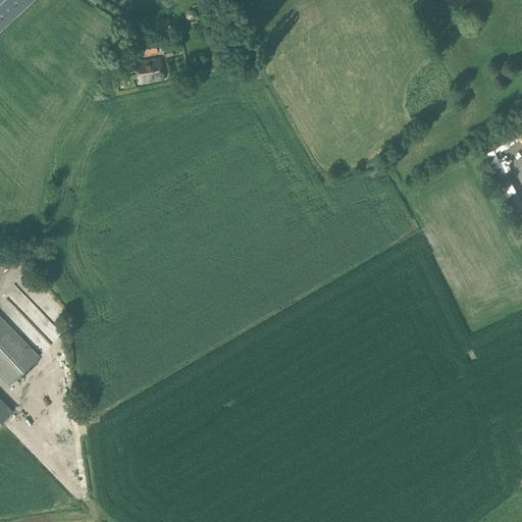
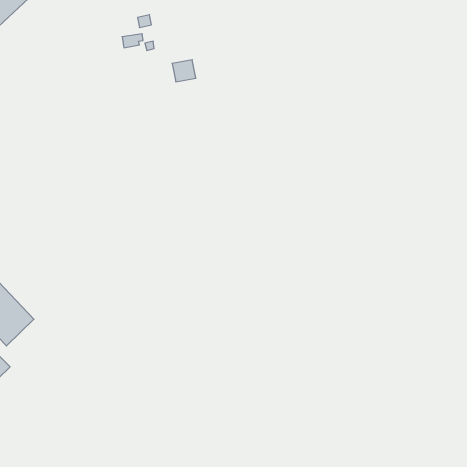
building: [135,57,161,82] -> [172,60,196,82]

